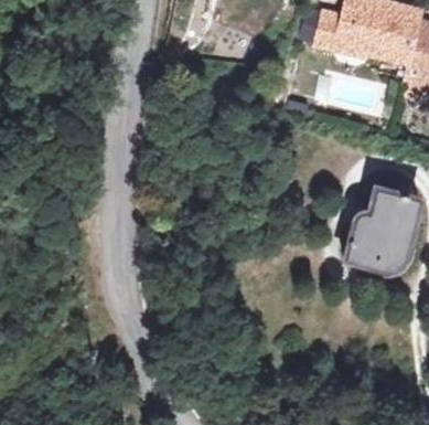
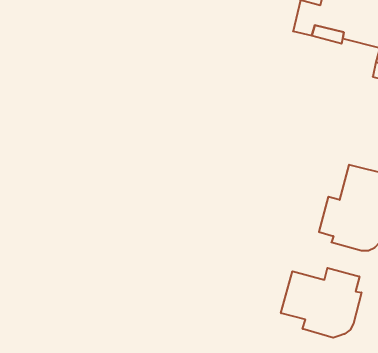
building: none -> [281,268,361,338]

